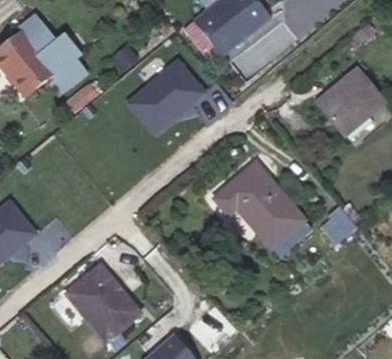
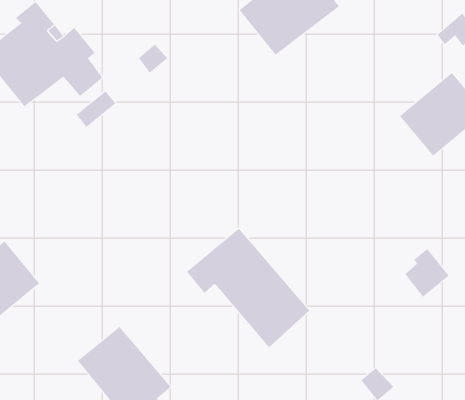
building: [122,65,199,139] -> none
building: [215,162,312,256] -> [186,228,310,348]

